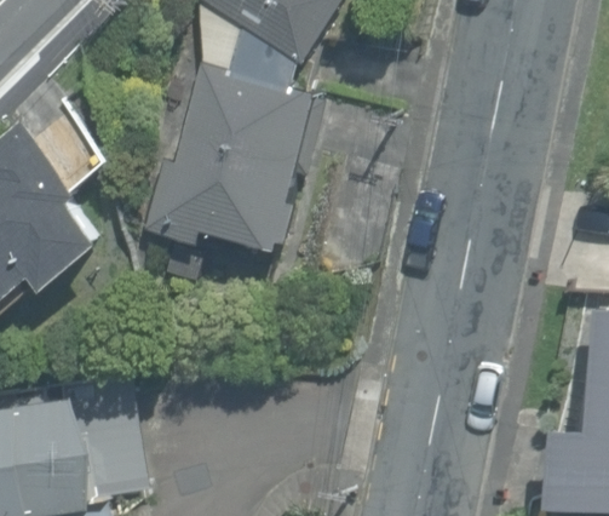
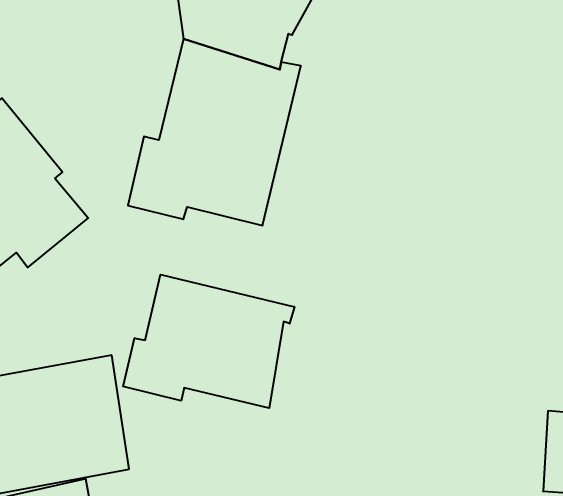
building: none -> [123,275,294,408]

